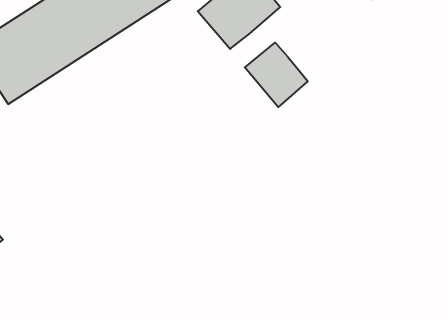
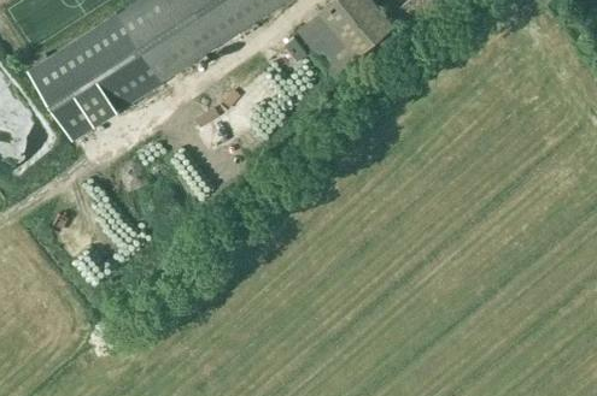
building: [245,43,308,107] -> none

